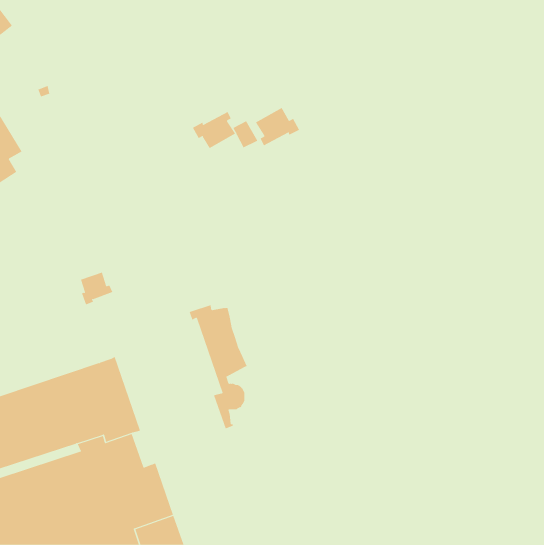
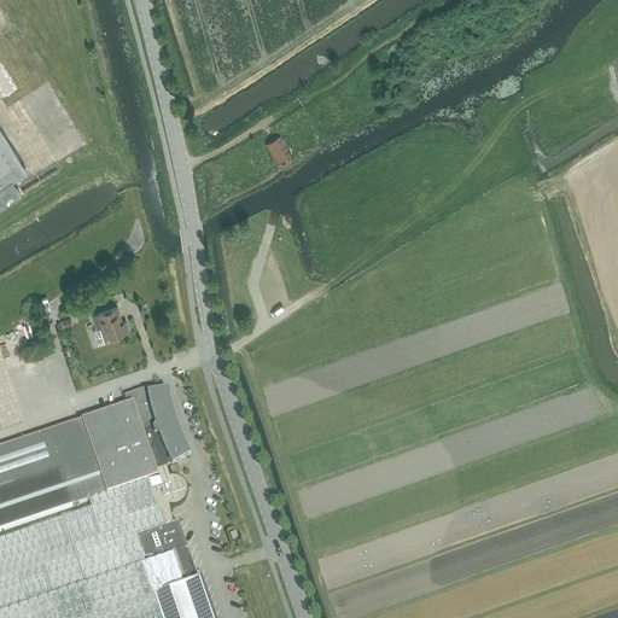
building: [255,107,300,146] -> none
building: [192,111,236,149] -> none
building: [189,304,247,429] -> [122,387,188,529]

